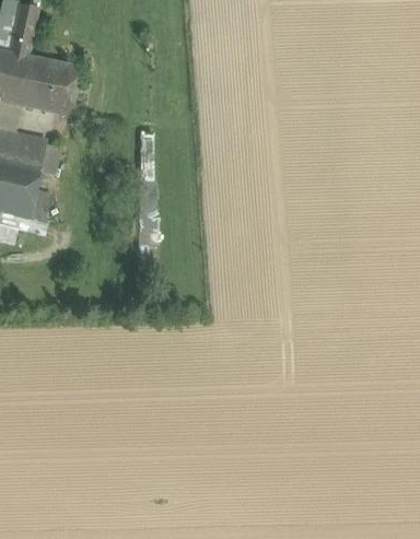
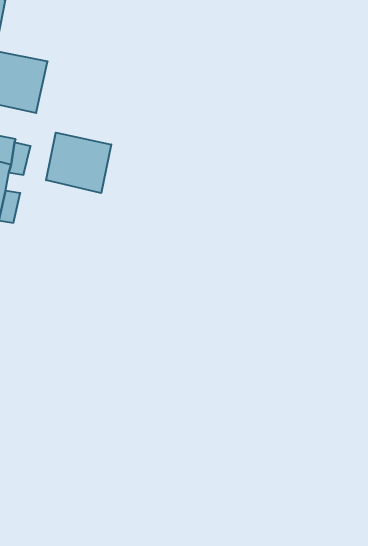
building: none -> [46,133,111,193]

